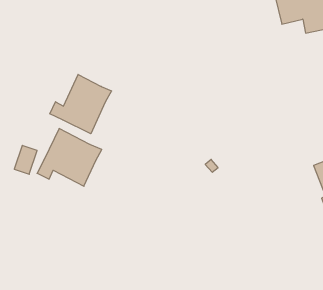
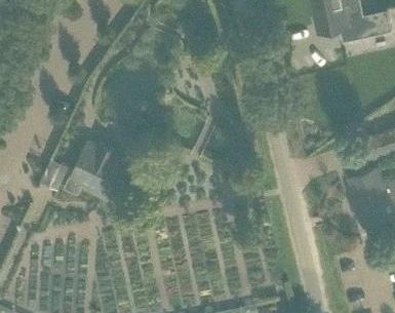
building: [50,74,112,134] -> none

